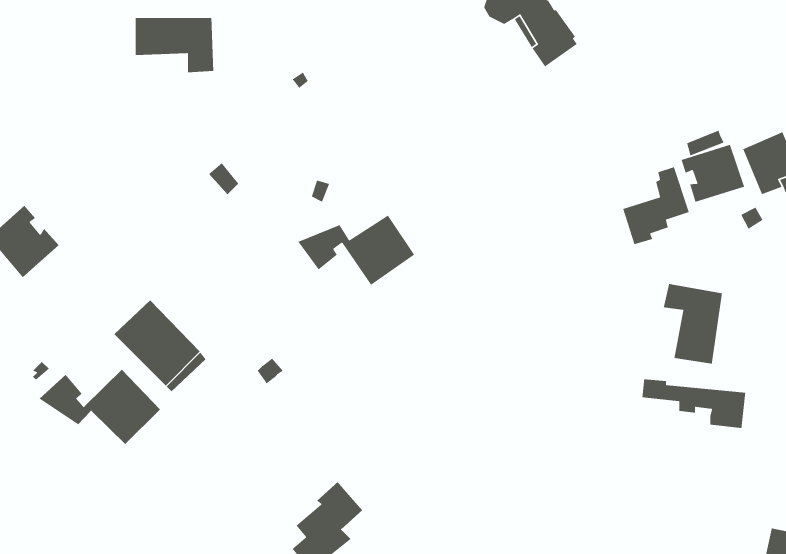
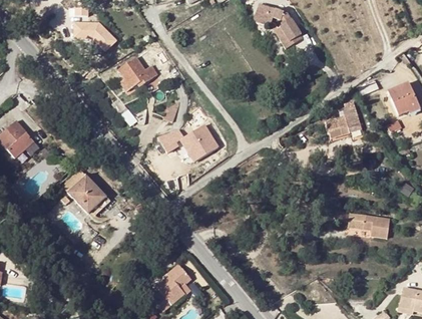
building: none -> [118,57,157,91]
building: [680,144,745,203] -> none
building: [663,283,723,364] -> none
building: [38,369,161,445] -> none

